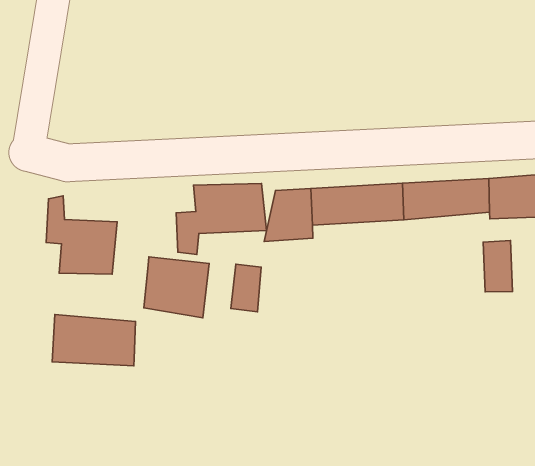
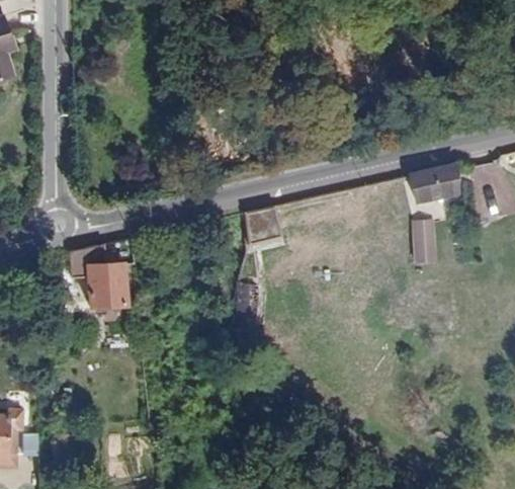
building: [176,184,267,255] -> none
building: [144,257,209,318] -> none
building: [52,315,135,366] -> none

